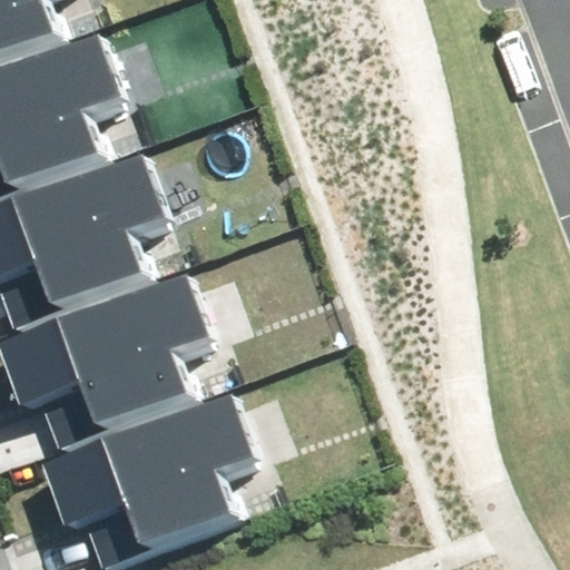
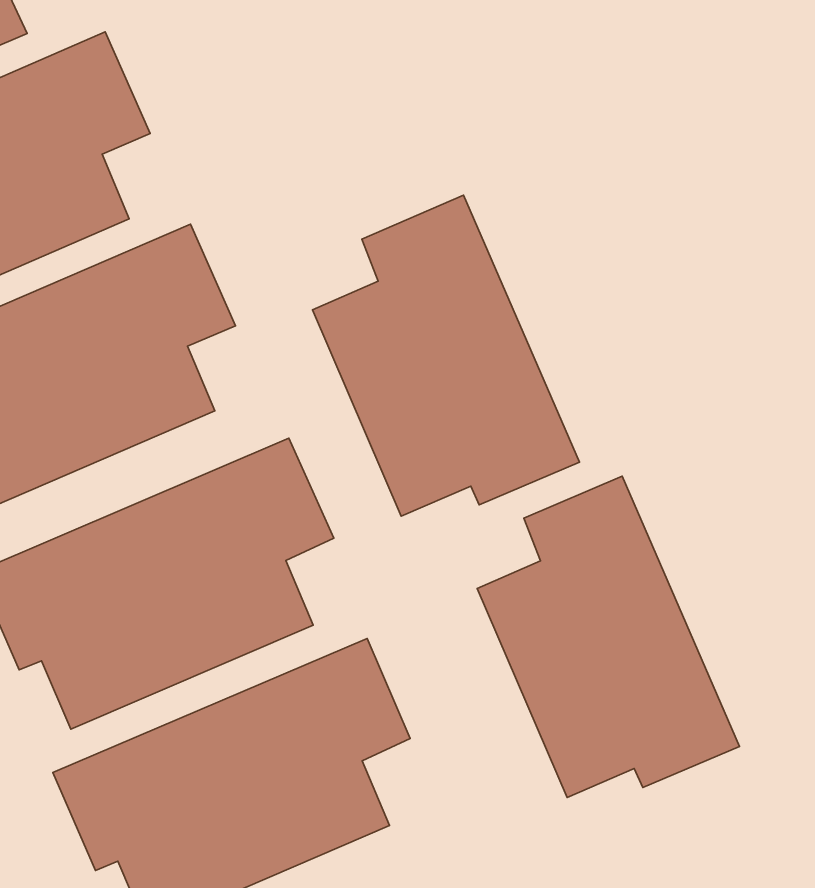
building: none -> [312,195,580,516]
building: none -> [477,476,740,797]

